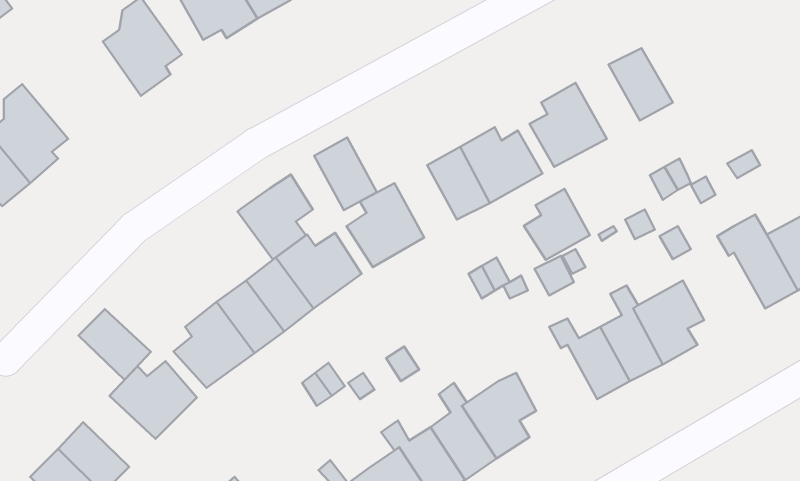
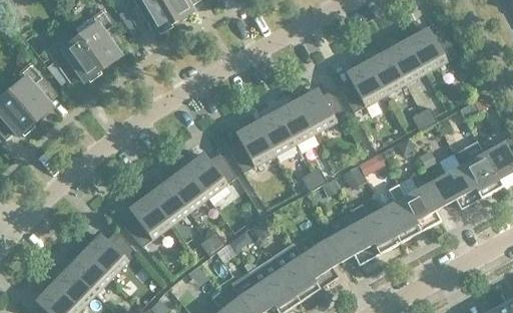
building: none -> [406,27,456,72]
building: none -> [44,35,101,84]
building: none -> [366,49,405,94]
building: [314,138,377,210] -> [255,110,294,154]
building: [237,174,313,260] -> none
building: [524,189,590,260] -> none
building: none -> [431,164,481,209]
building: [78,309,151,380] -> [66,251,110,294]
building: none -> [330,220,379,265]

